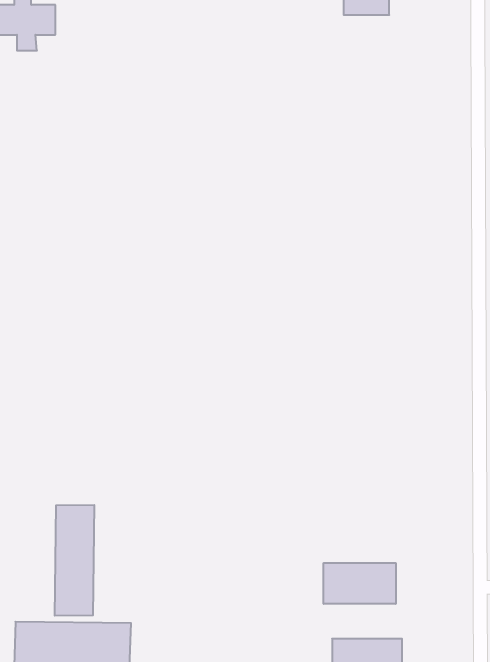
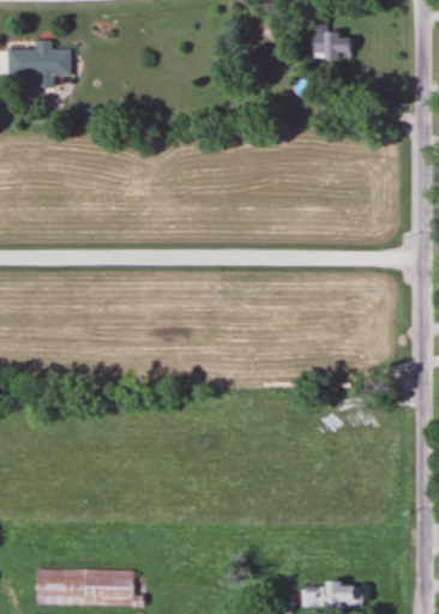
building: [55,505,94,616] -> none
building: [324,563,396,604] -> none

